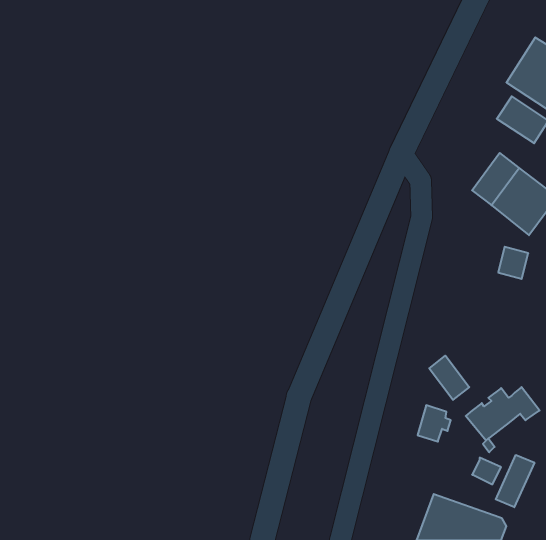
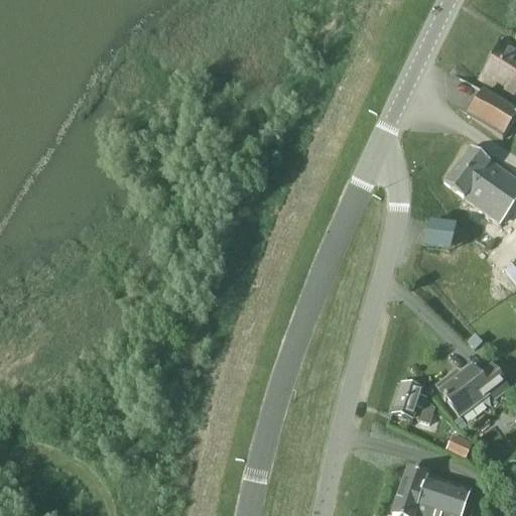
building: [498,247,528,279] -> [427,219,456,249]
building: [429,356,469,400] -> none
building: [496,455,534,507] -> none

